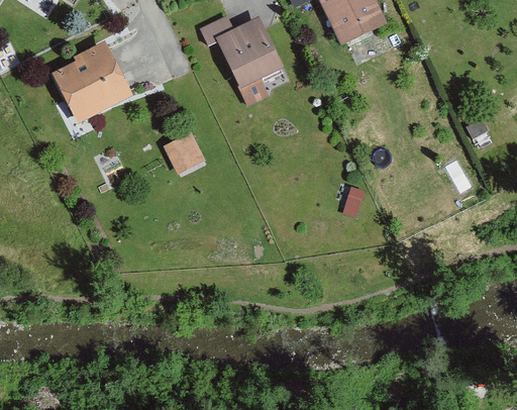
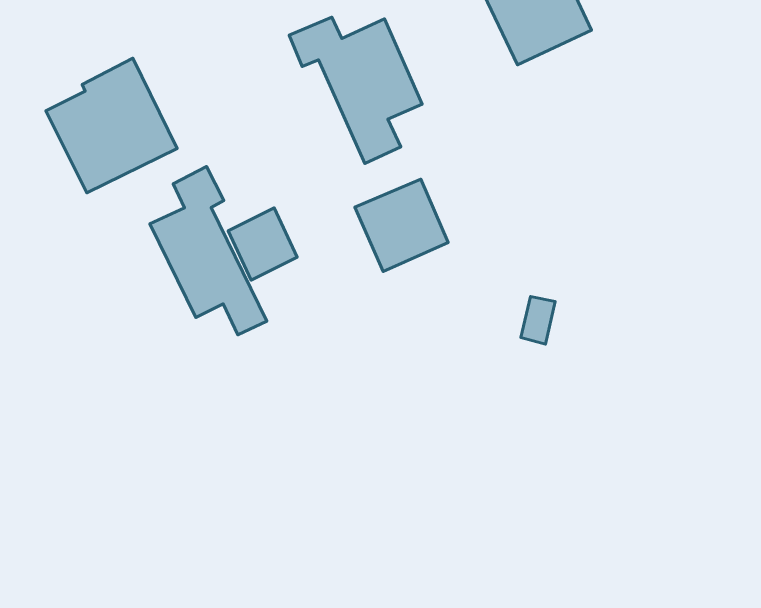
building: none -> [150,167,267,335]
building: none -> [355,179,448,272]

